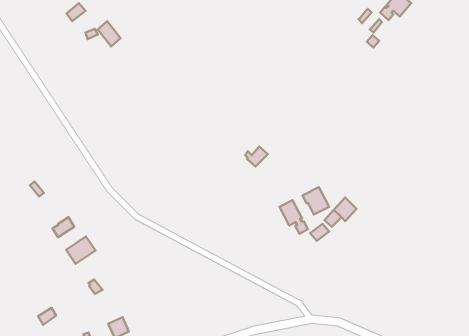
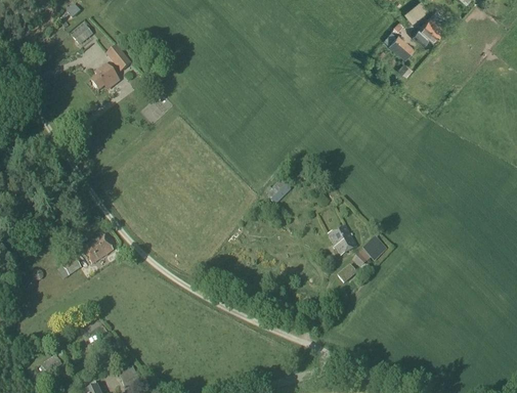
building: none -> [91,62,120,89]
building: [279,200,308,234] -> none
building: [66,236,95,264] -> [82,232,114,262]

